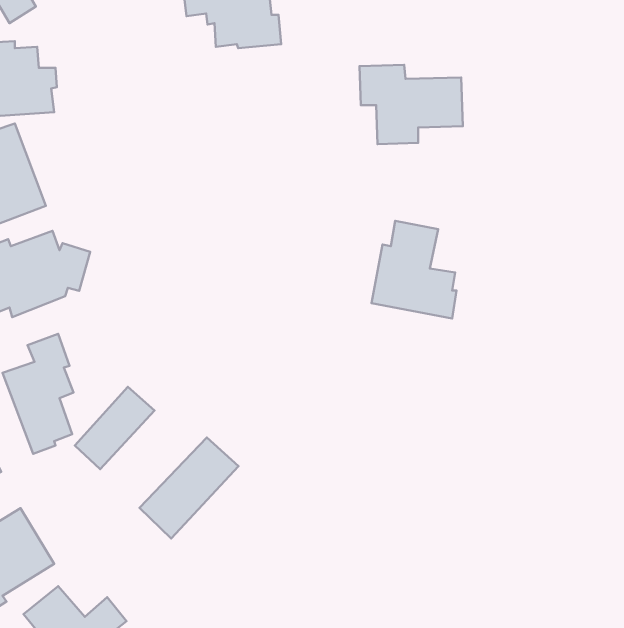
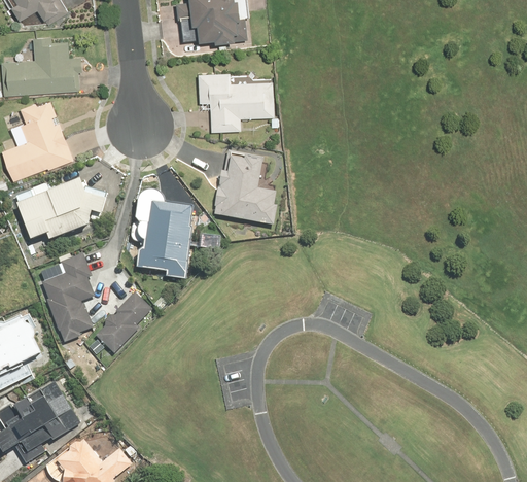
building: [360,65,463,144] -> [196,72,272,131]
building: [371,221,456,319] -> [212,153,275,226]
building: none -> [136,188,192,277]
building: [139,437,238,539] -> none

